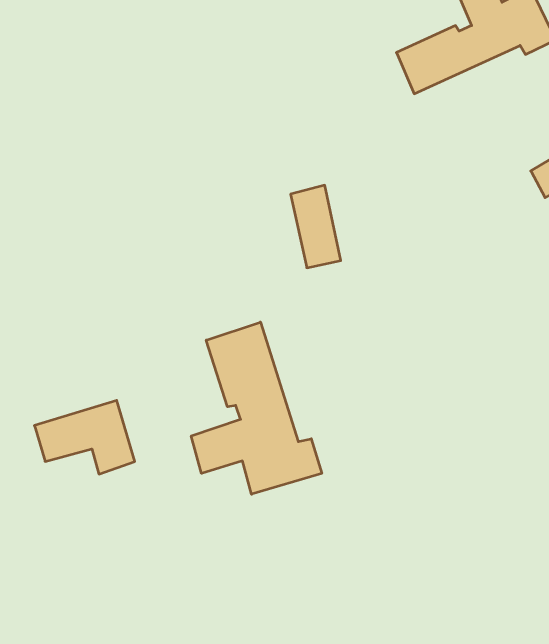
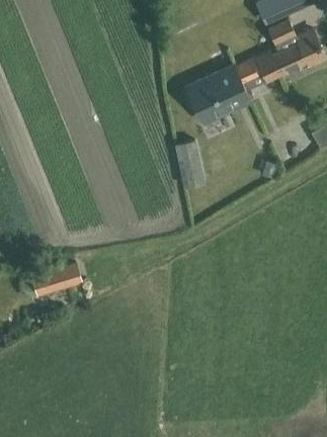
building: none -> [187,67,251,122]
building: [191,322,322,494] -> none

